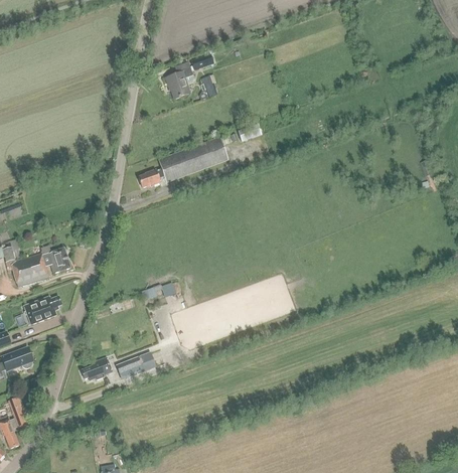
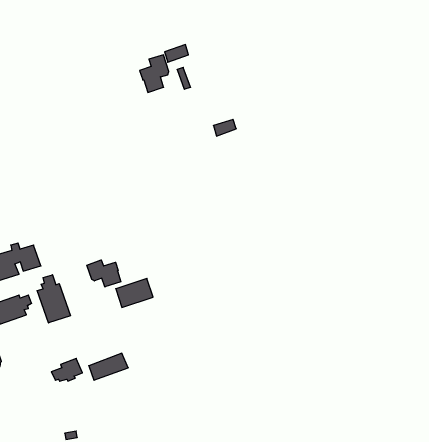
building: [139,137,226,187] -> none
building: none -> [87,260,121,287]
building: none -> [37,275,70,323]

